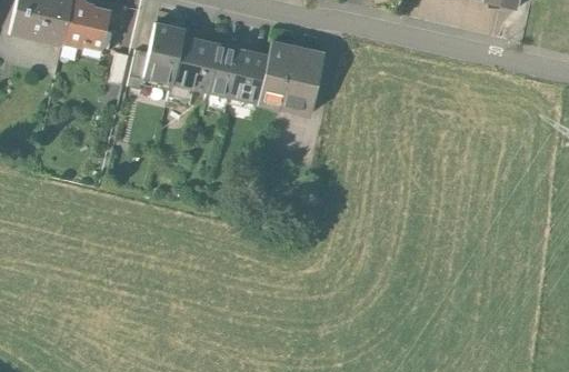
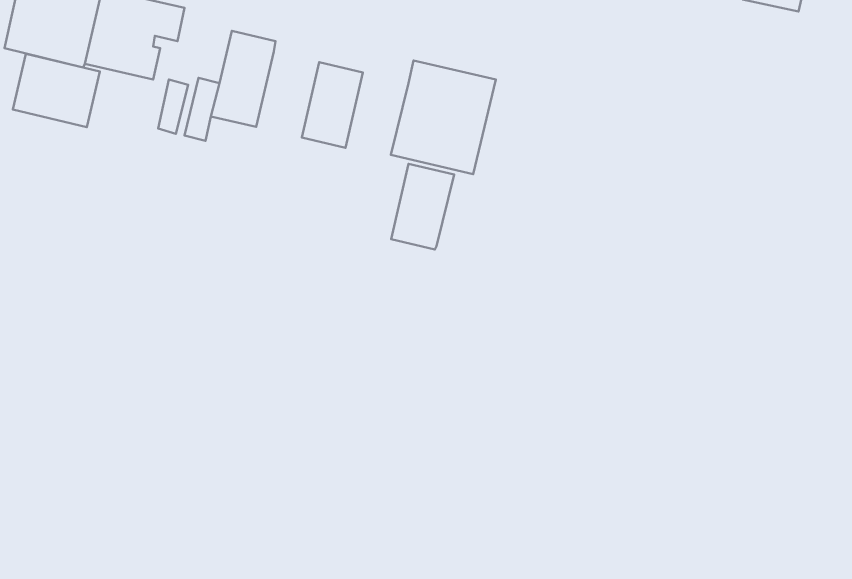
building: [171,36,211,90] -> none
building: none -> [13,54,100,127]
building: [228,49,268,103] -> [391,164,454,250]

